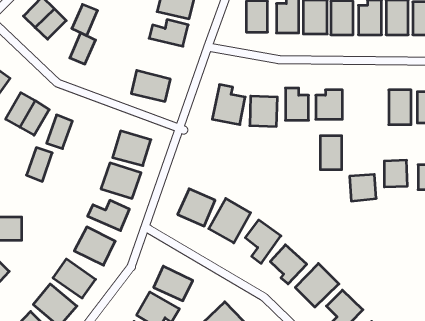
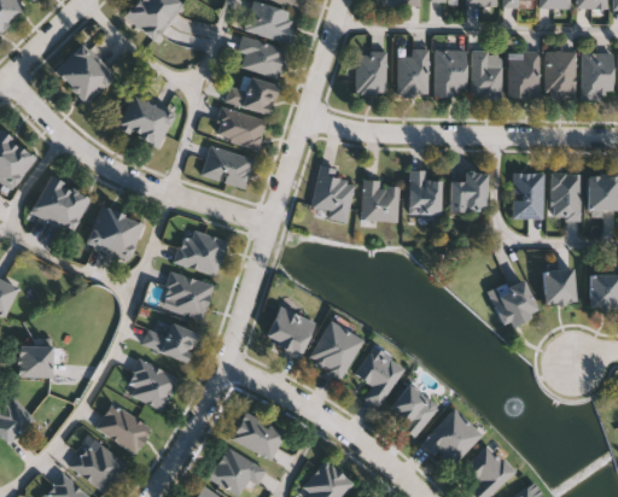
building: [72,4,98,36] -> [138,105,173,147]
building: none -> [214,107,266,151]
building: [320,136,342,170] -> [513,173,542,218]
building: [26,148,52,181] -> [107,215,142,261]

